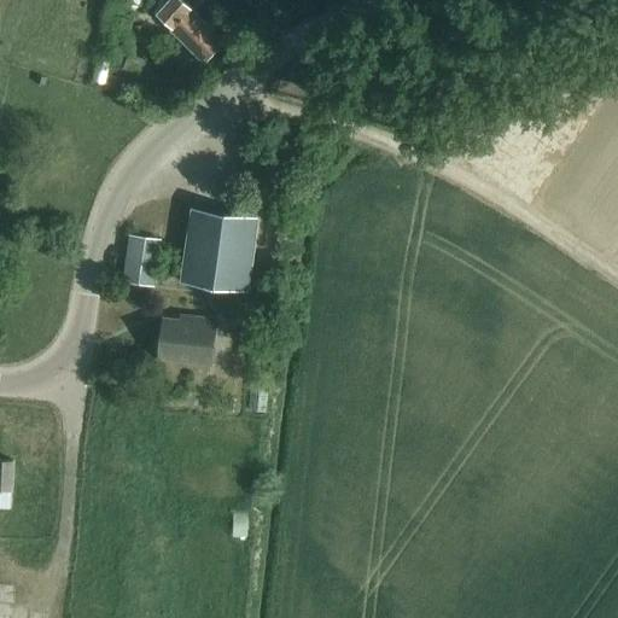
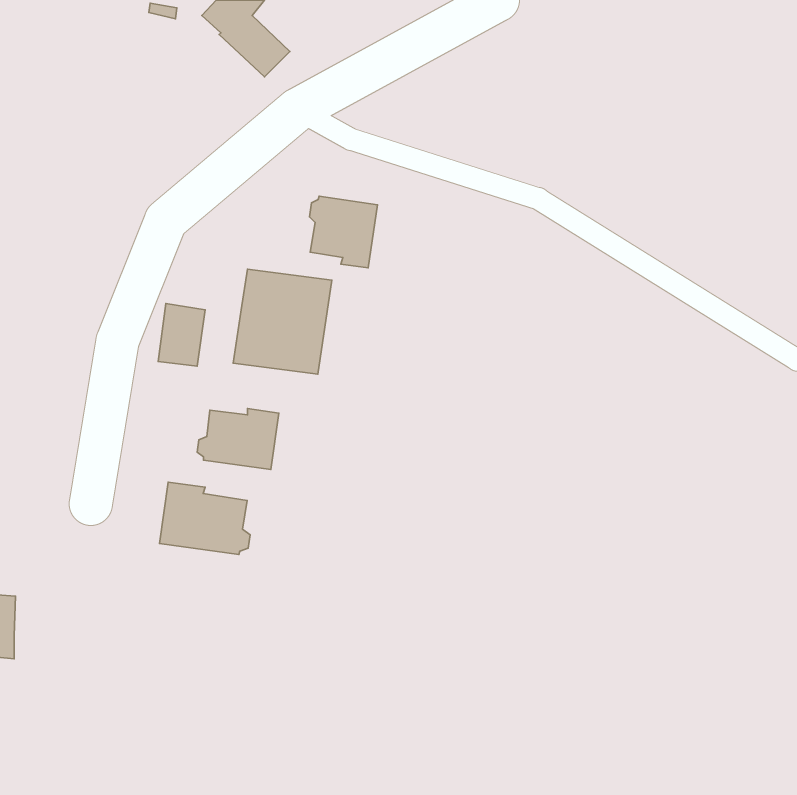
building: none -> [309,196,378,268]
building: none -> [160,482,250,554]

